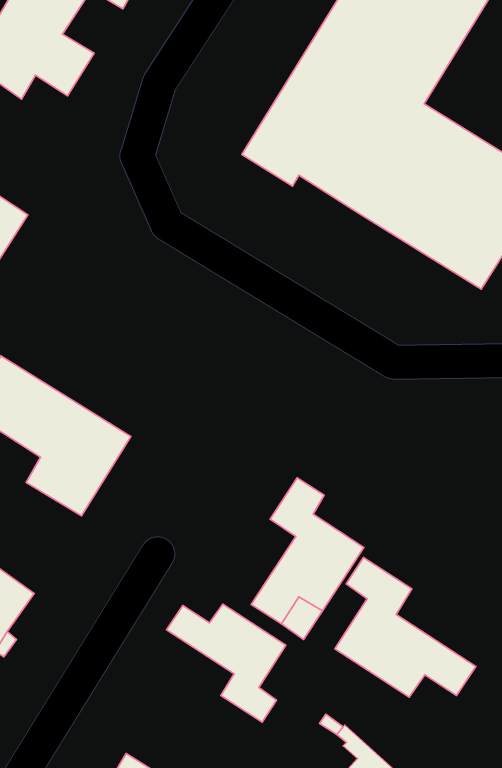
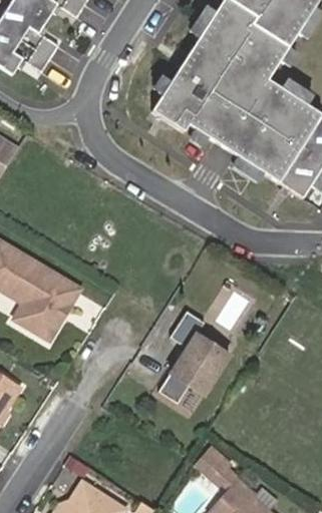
building: [335,557,476,697] -> none
building: [166,604,286,722] -> none

